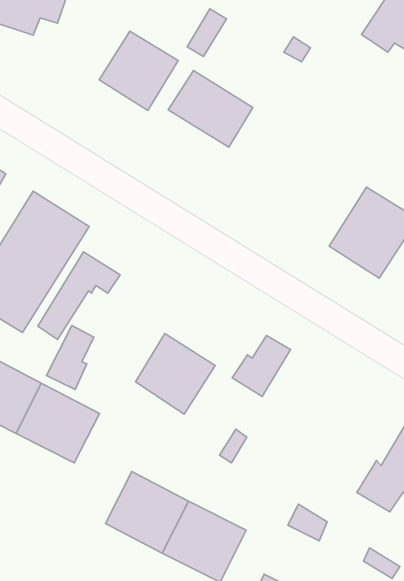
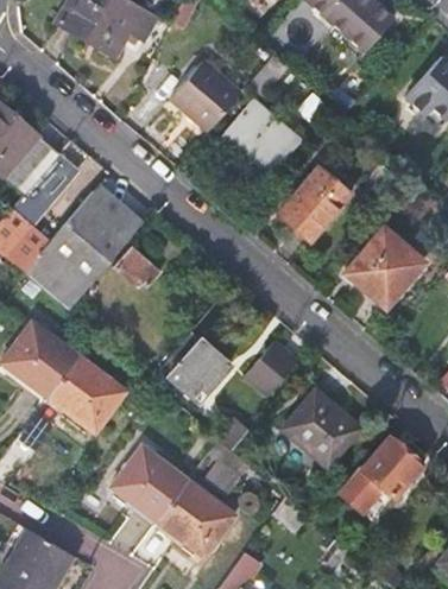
building: none -> [279,171,352,246]
building: [47,325,94,390] -> none
building: none -> [283,391,361,468]

